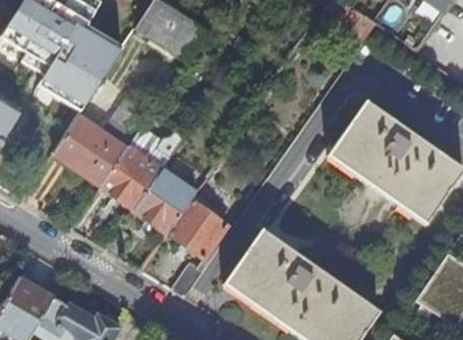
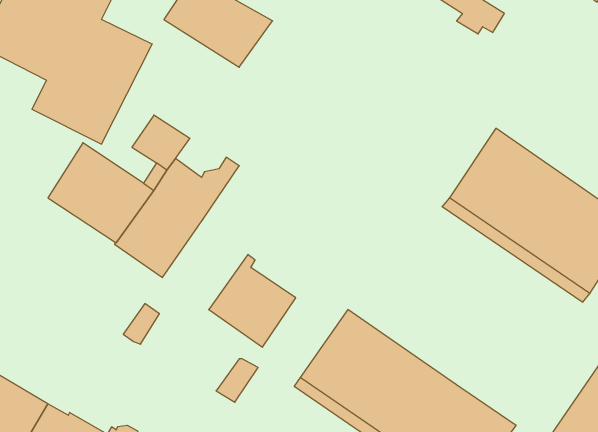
building: [133,167,194,230] -> none

